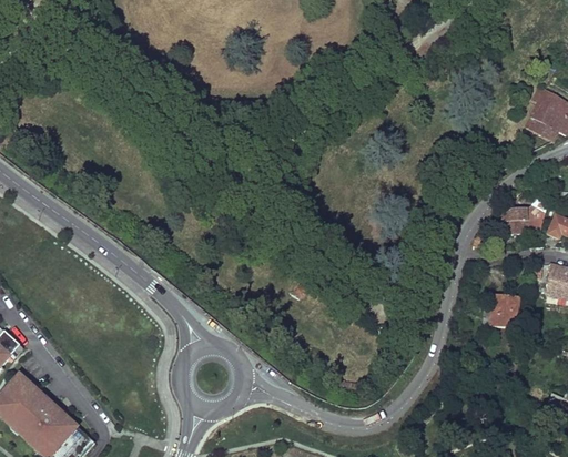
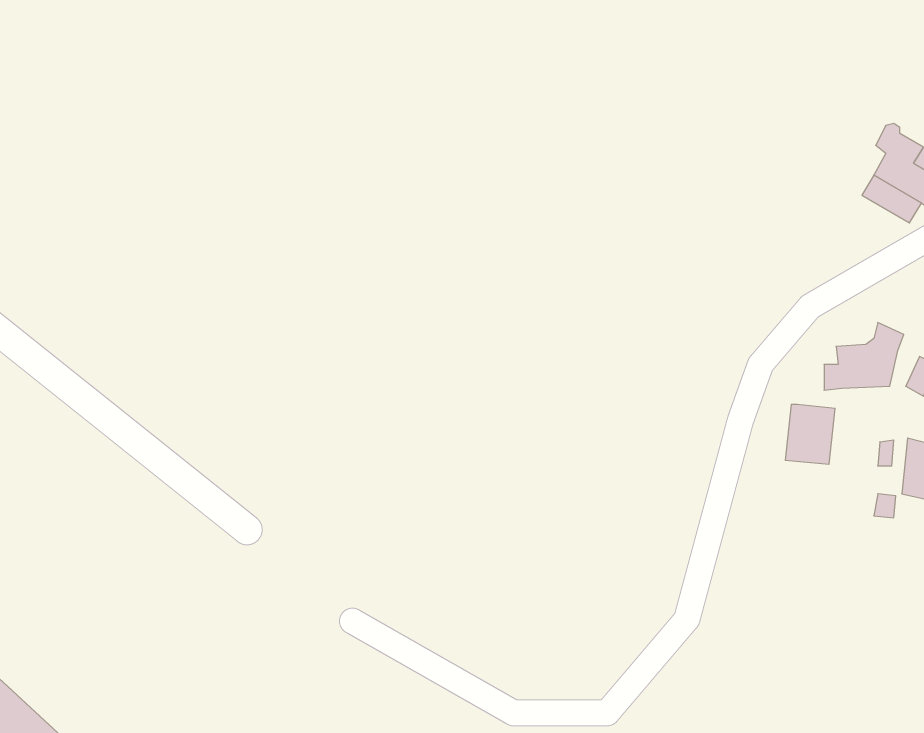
building: [491,292,519,325] -> [785,404,835,464]

